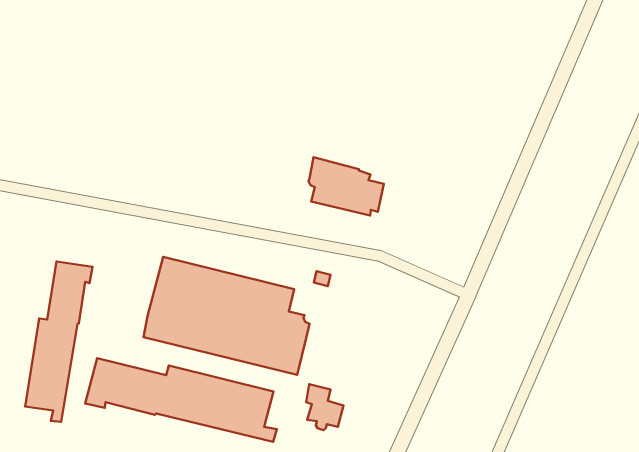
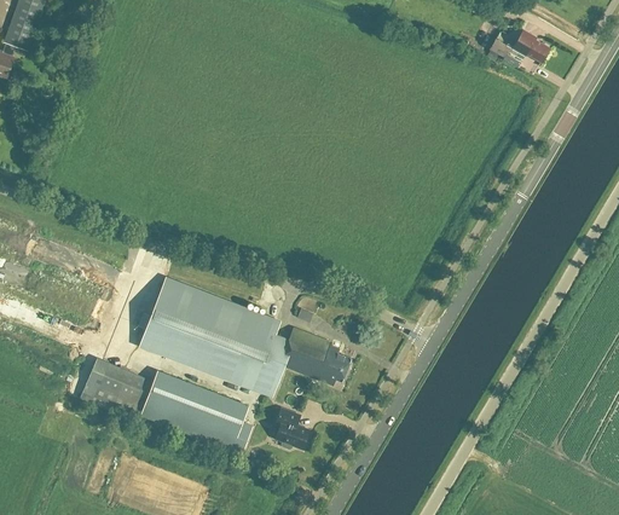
building: [308,157,384,216] -> [284,326,351,384]
building: [25,262,92,422] -> none

